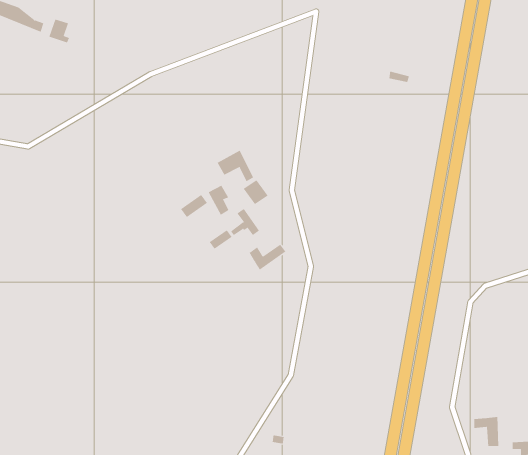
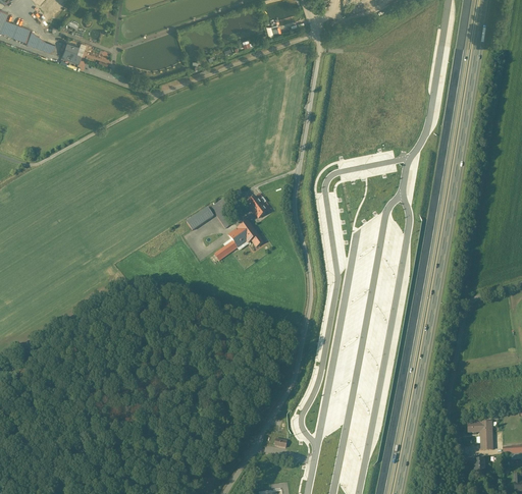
building: [217,150,254,182] -> none
building: [249,244,286,271] -> none

